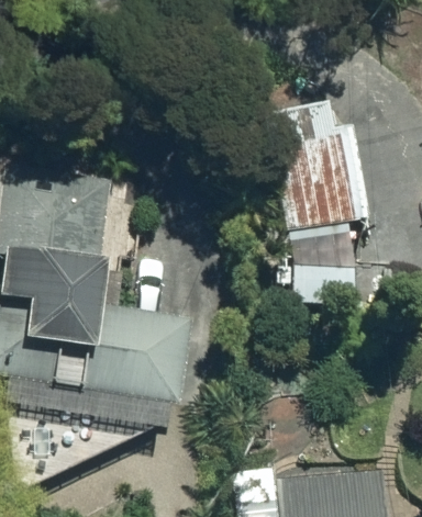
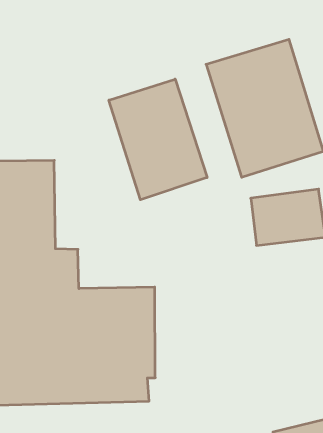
building: none -> [109,79,207,200]

